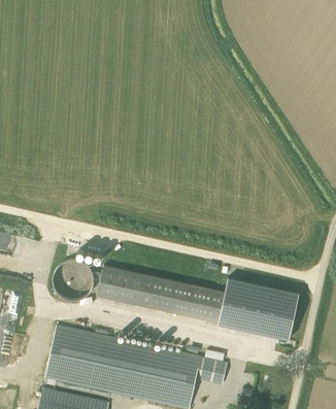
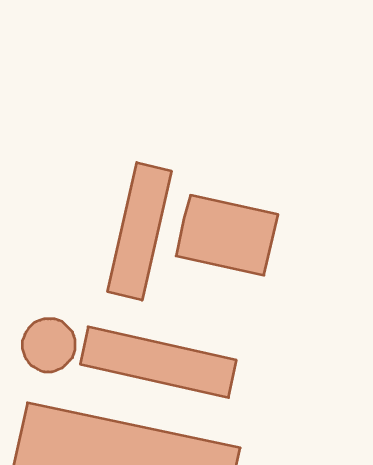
building: none -> [108,162,171,300]
building: [217,274,299,338] -> [176,195,278,275]

